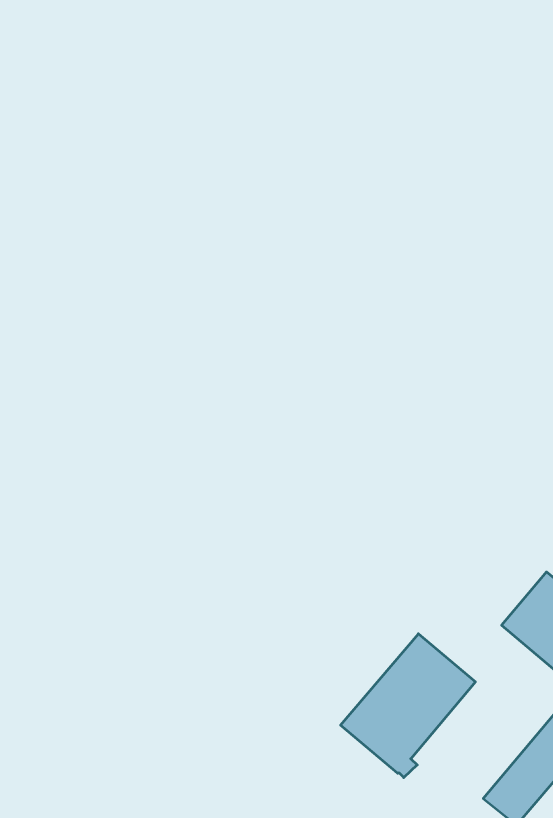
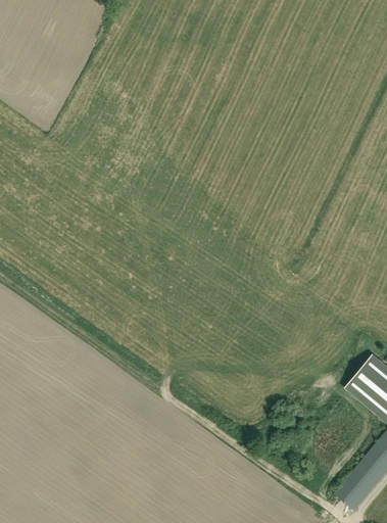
building: [341,634,475,778] -> none

